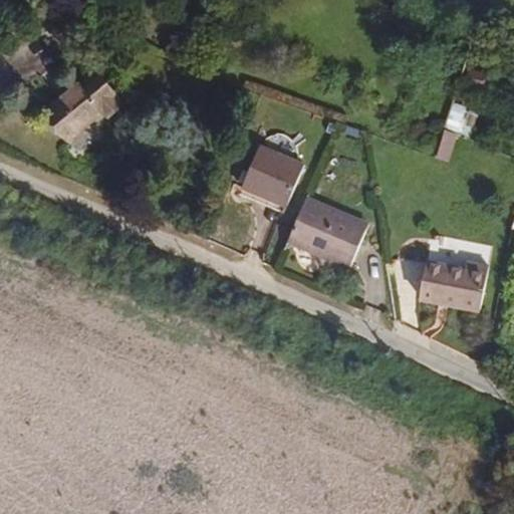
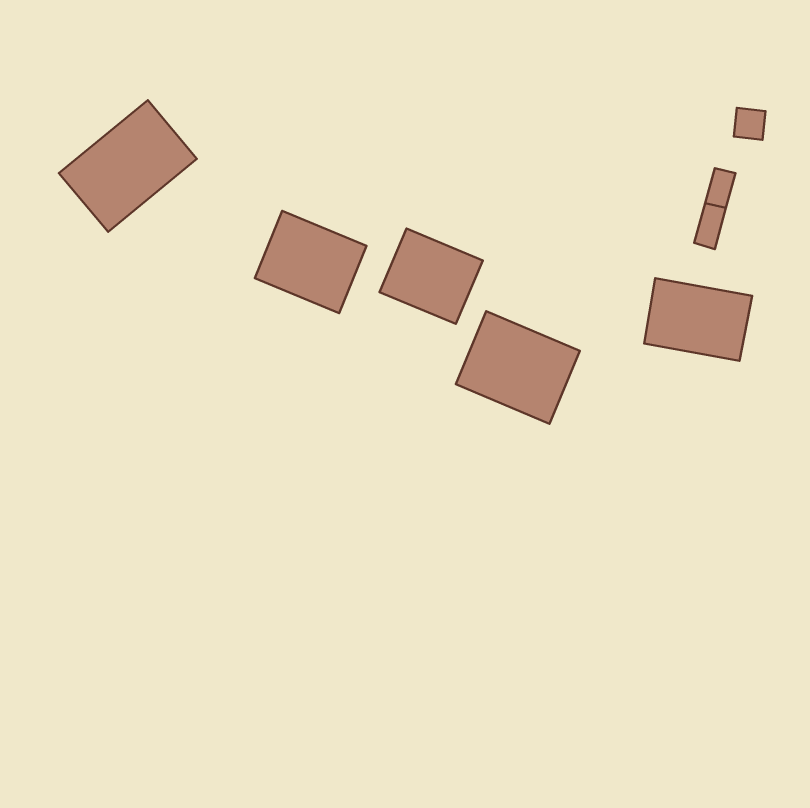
building: none -> [255,211,367,313]
building: [419,258,487,310] -> [644,278,752,361]

